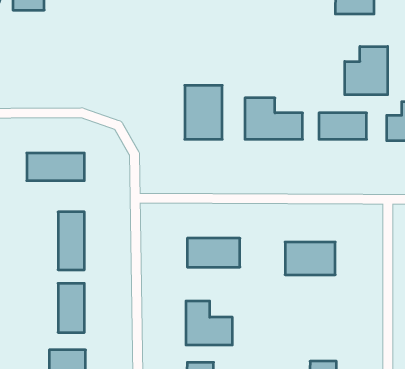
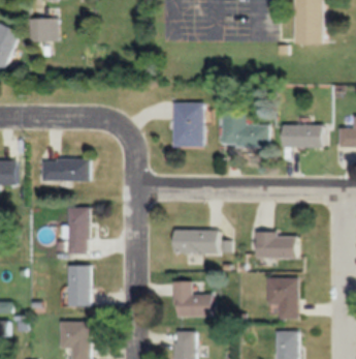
building: [345,46,388,95] -> none
building: none -> [267,277,297,318]

